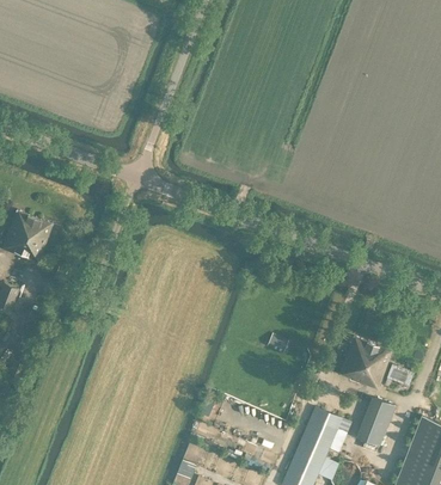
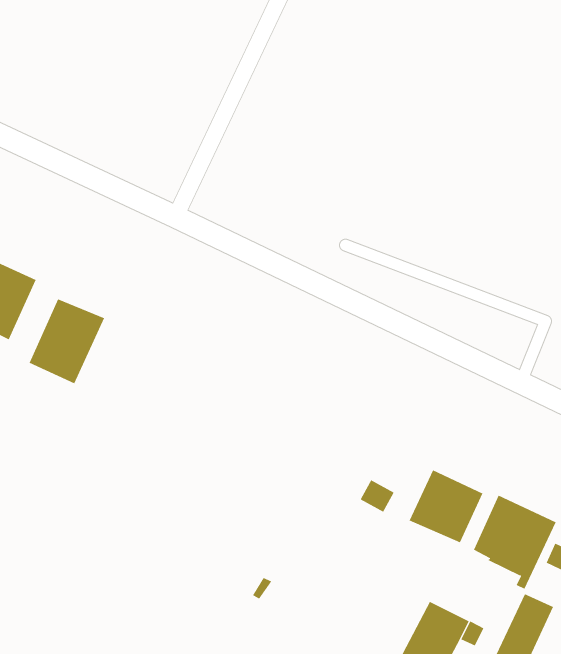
building: none -> [29,299,105,384]
building: none -> [409,470,483,543]

